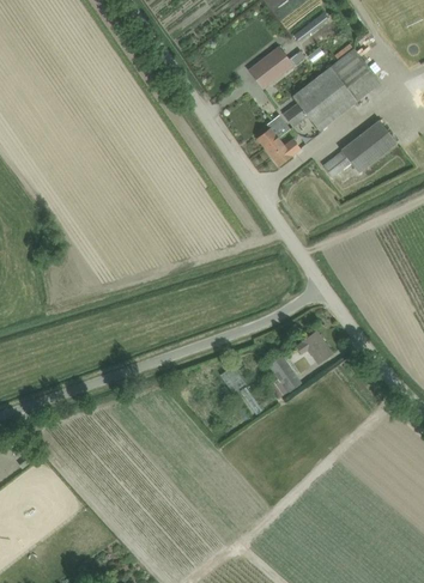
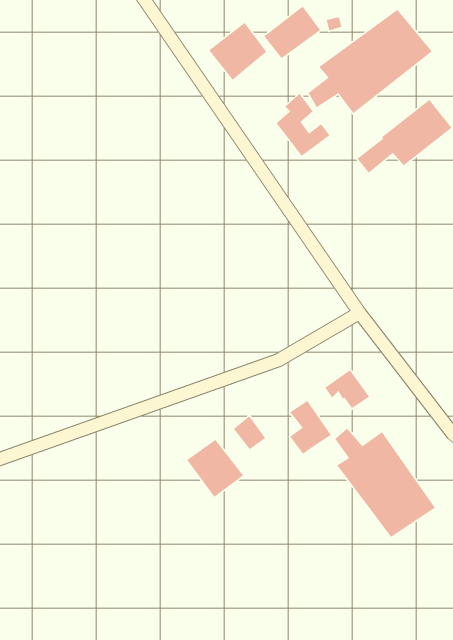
building: none -> [208,22,267,81]
building: none -> [334,427,436,538]
building: none -> [186,439,244,498]

